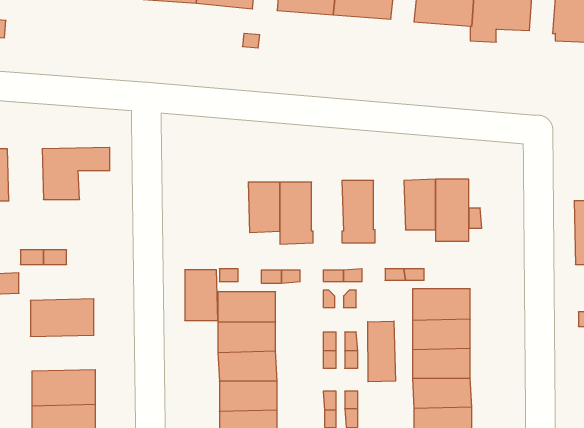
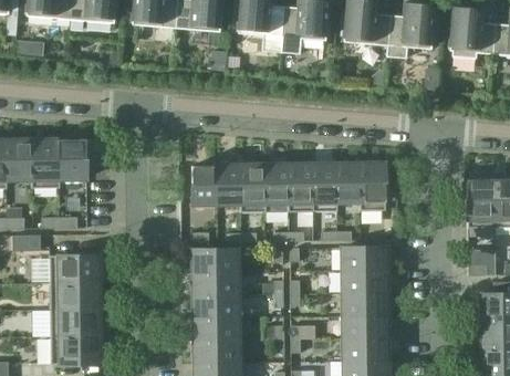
building: none -> [31,139,60,188]
building: none -> [264,164,289,211]
building: none -> [312,164,336,201]
building: [185,270,218,320] -> [191,165,217,203]
building: [368,321,395,382] -> none
building: none -> [49,282,98,310]

